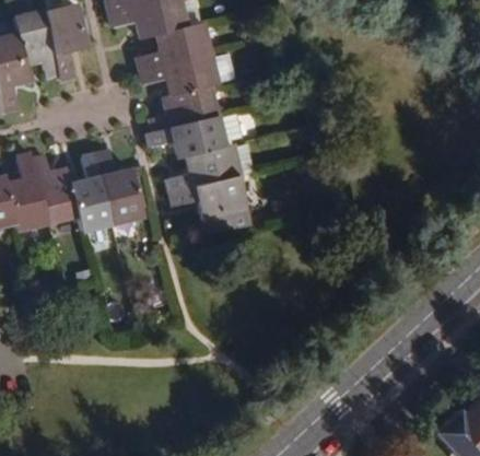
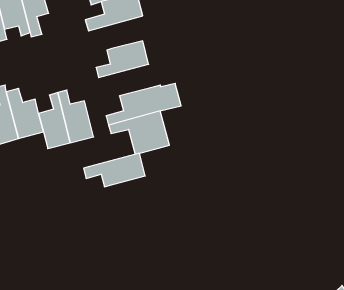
building: [138,52,234,96] -> none
building: [143,117,224,161] -> [84,153,145,187]

